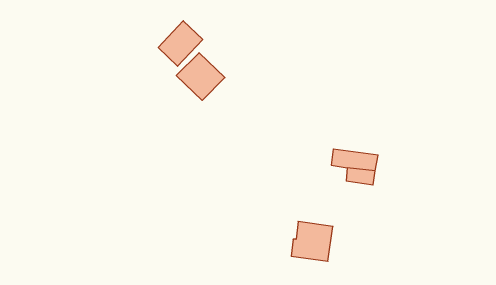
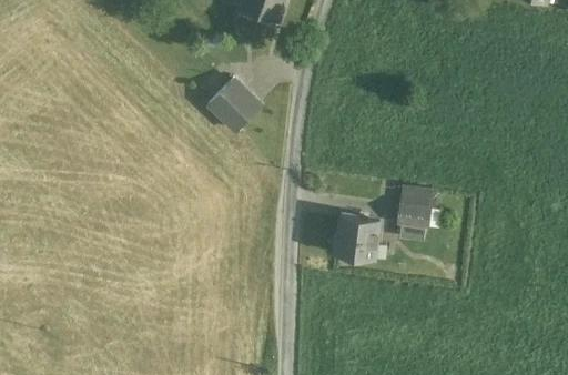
building: [158,21,203,66] -> none
building: [291,221,333,261] -> [333,217,379,262]

